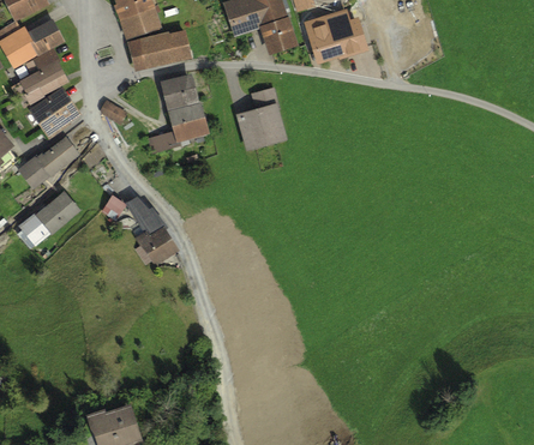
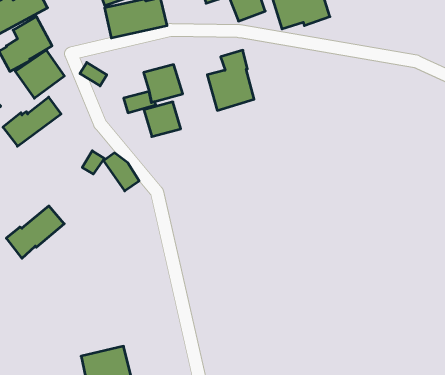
building: [158,73,198,110] -> [144,102,181,137]
building: [18,191,80,247] -> [6,206,64,258]
building: [138,227,179,266] -> none

